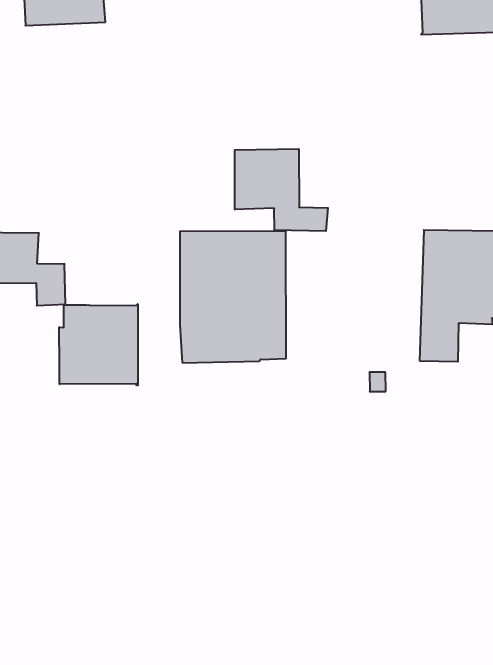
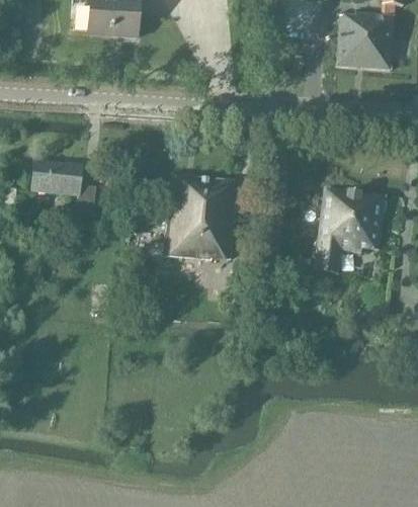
building: [235,149,328,231] -> none
building: [59,304,138,385] -> none

